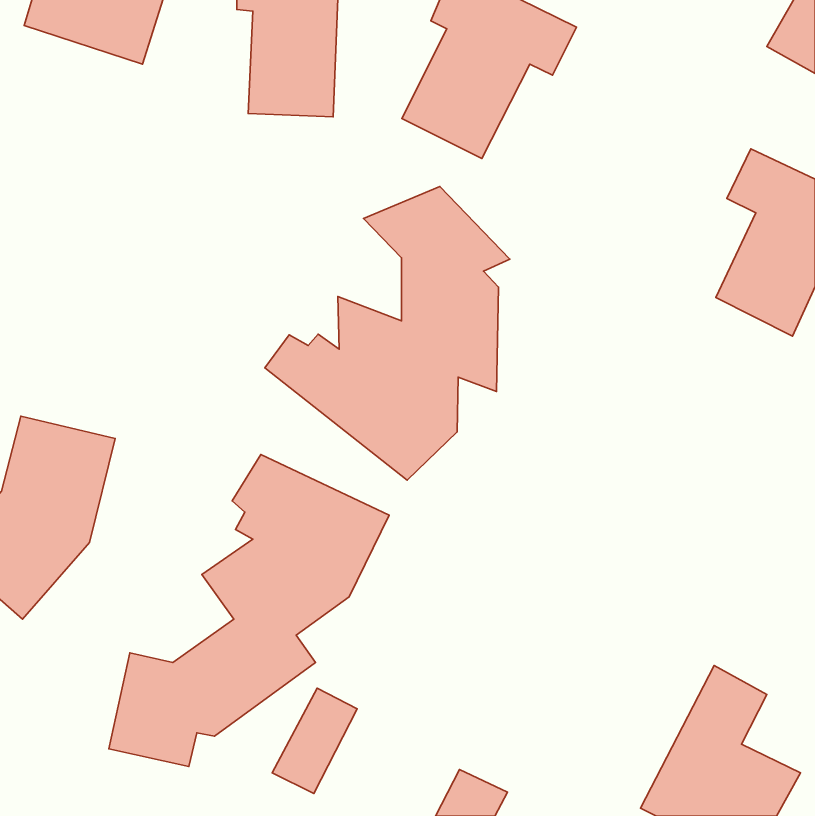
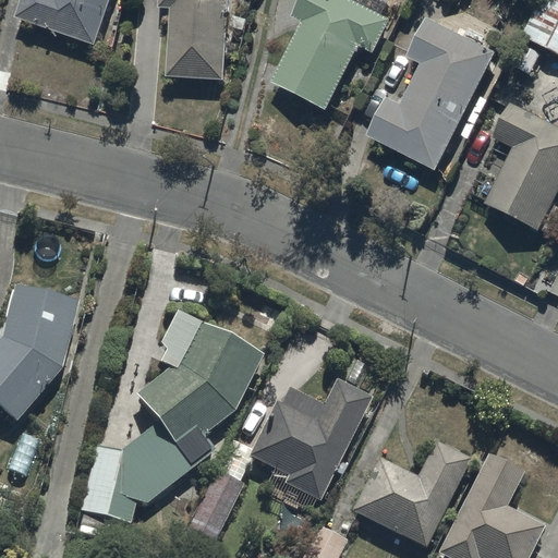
building: none -> [367,15,498,169]
building: [265,186,510,480] -> none
building: none -> [248,379,371,501]
building: none -> [350,442,469,548]

